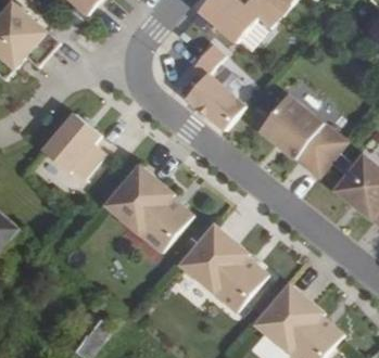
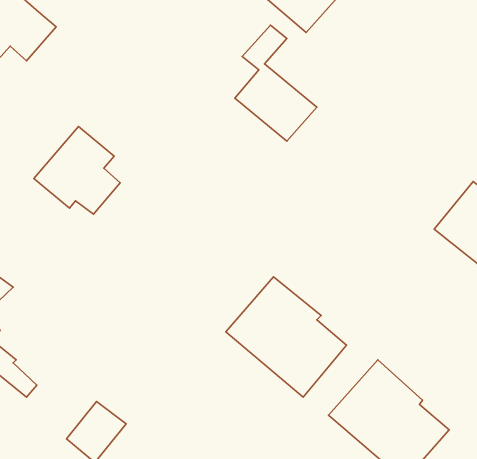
building: [261,93,348,175] -> none
building: [104,164,192,252] -> none

